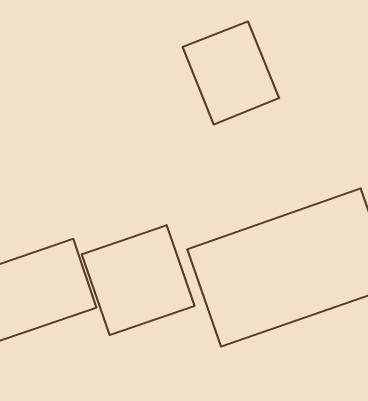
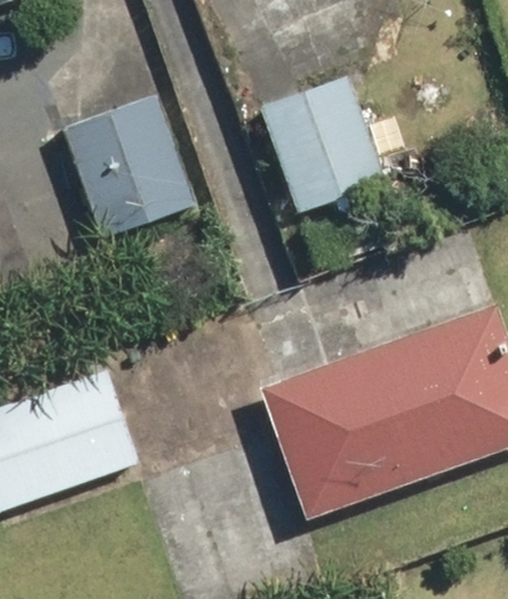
building: none -> [59,89,197,238]
building: [82,225,194,335] -> none

